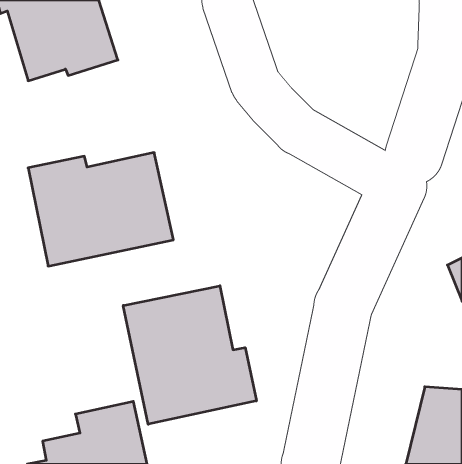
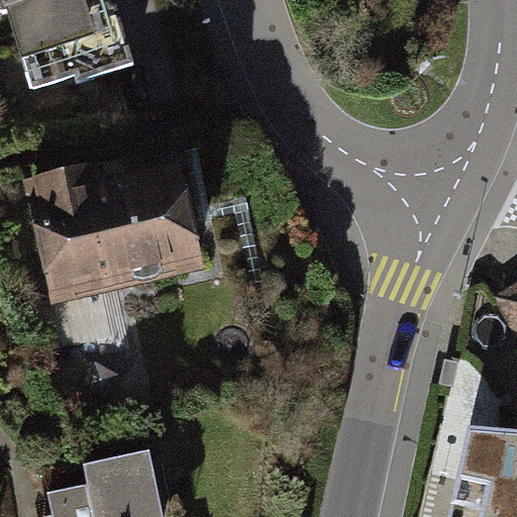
building: [123,286,256,424] -> none

